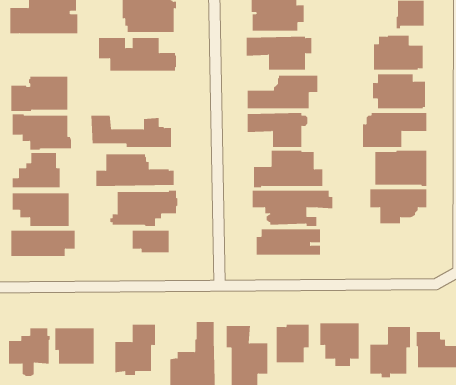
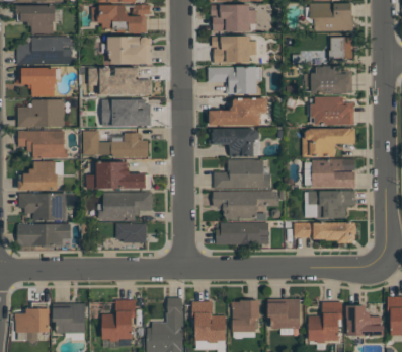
building: none -> [17,67,56,95]
building: none -> [101,99,151,127]
building: none -> [294,222,355,242]

